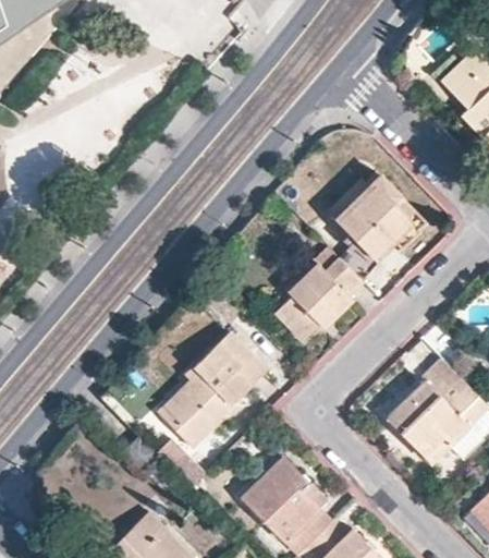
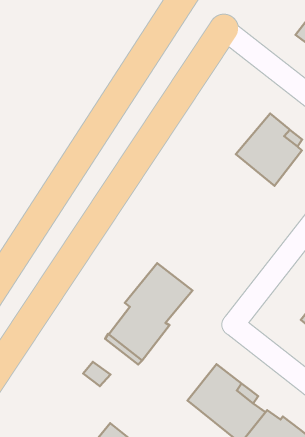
building: [276,256,365,340] -> none

